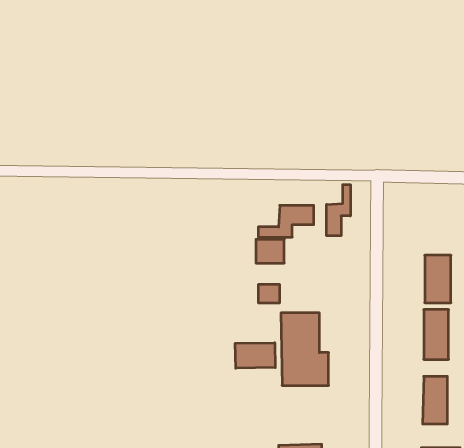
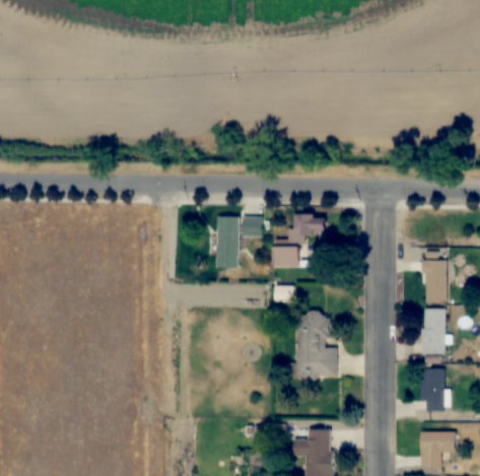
building: [327,185,350,236] -> none
building: none -> [217,217,263,269]
building: [235,343,275,368] -> none

